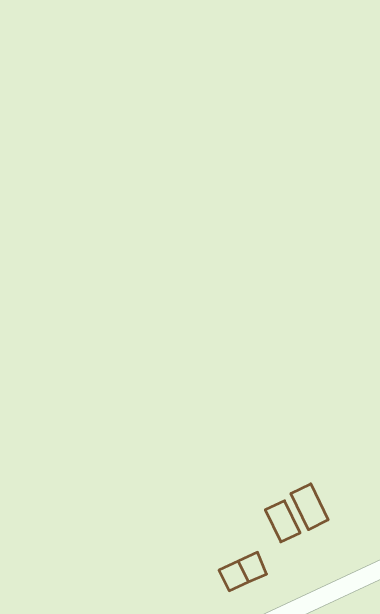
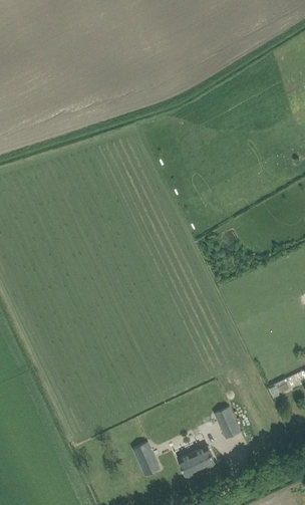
building: [291,484,328,530] -> none
building: none -> [132,442,160,476]

